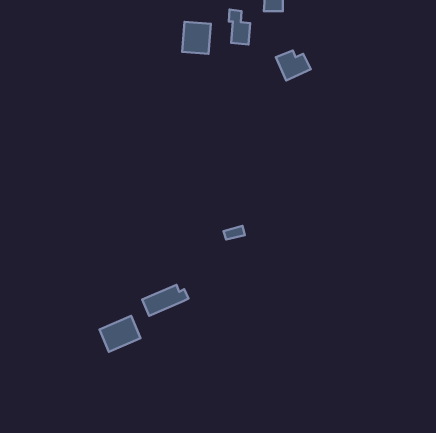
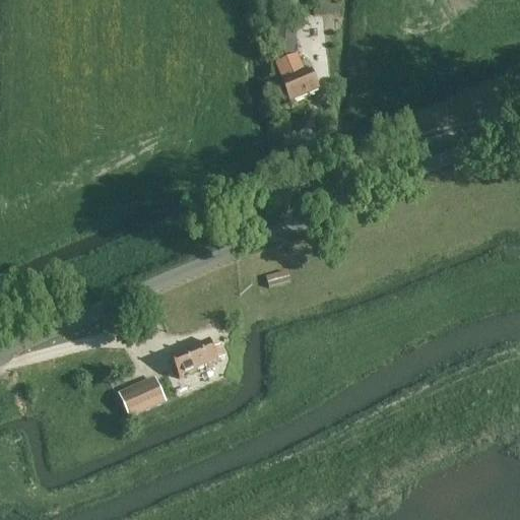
building: [182,22,211,54] -> none
building: [276,50,311,80] -> [279,65,321,101]

